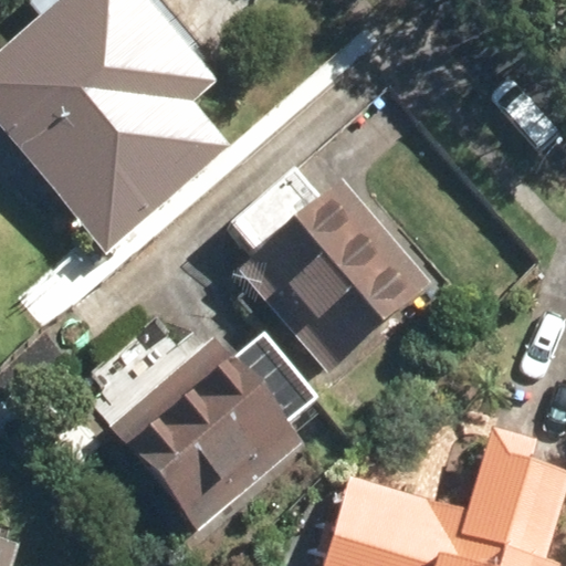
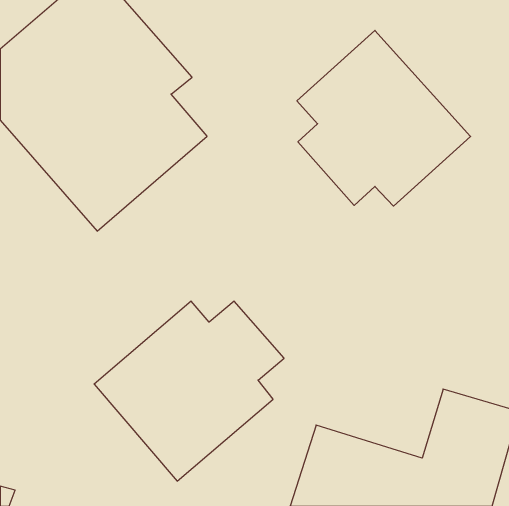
building: none -> [297,30,471,206]
building: [231,171,430,375] -> none

